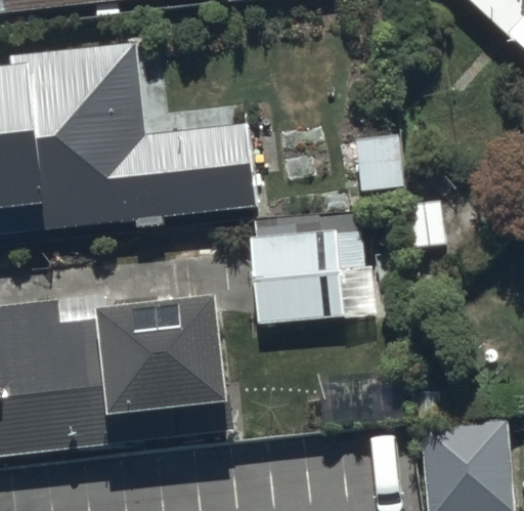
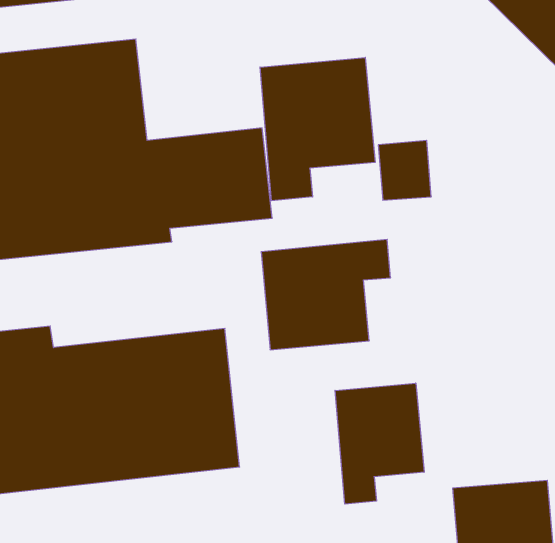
building: none -> [260,57,375,201]
building: none -> [335,383,424,504]

